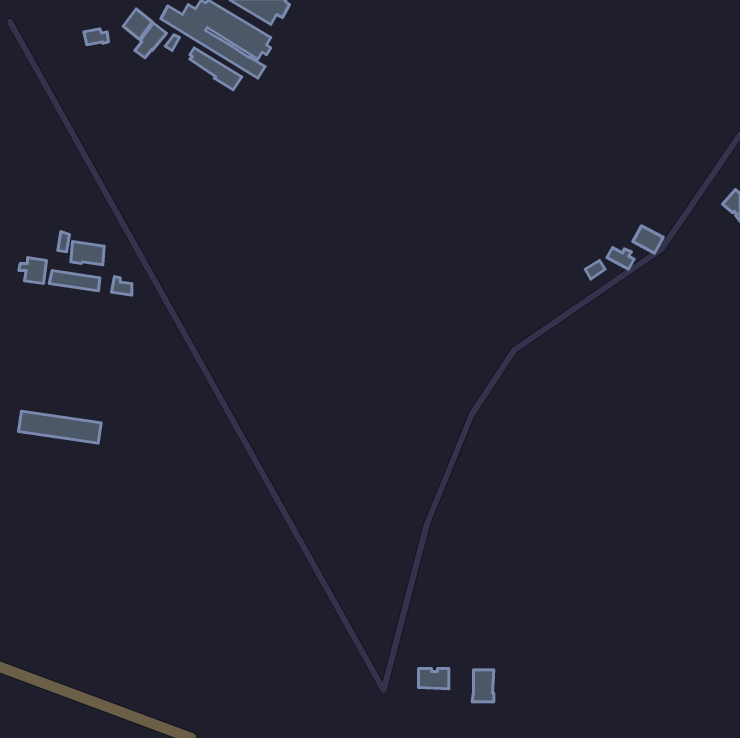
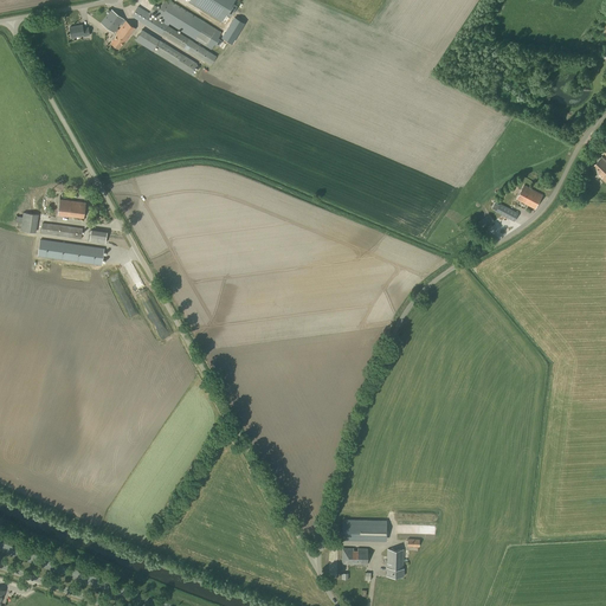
building: [19,411,101,443] -> [37,238,104,264]
building: none -> [342,518,386,539]

